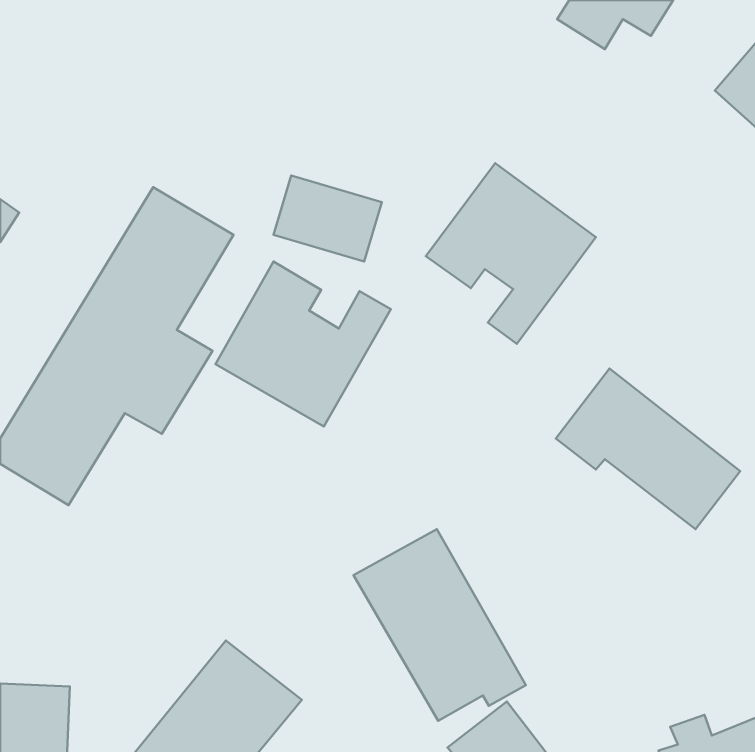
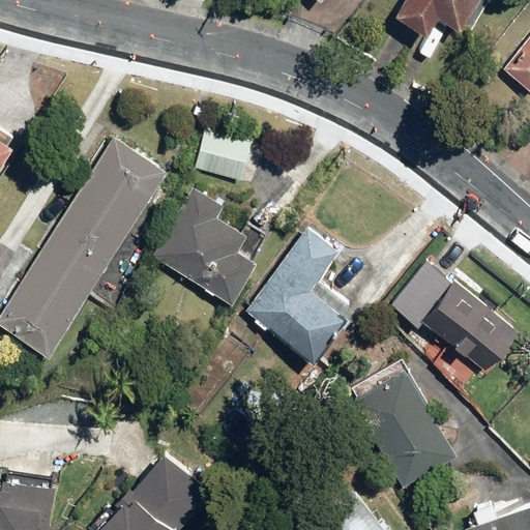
building: [426,163,596,344] -> none
building: none -> [245,228,350,360]
building: [353,529,526,721] -> [344,359,464,493]

